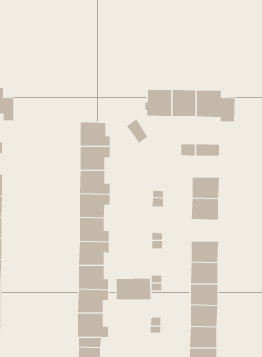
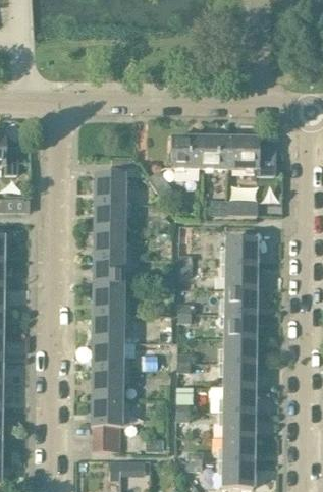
building: none -> [224,288,257,314]
building: [116,278,151,300] -> none

